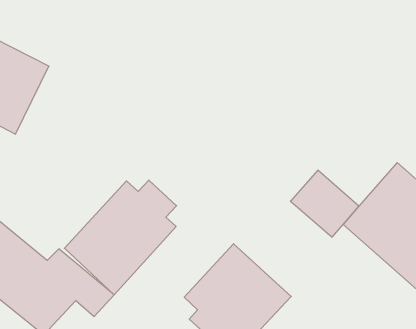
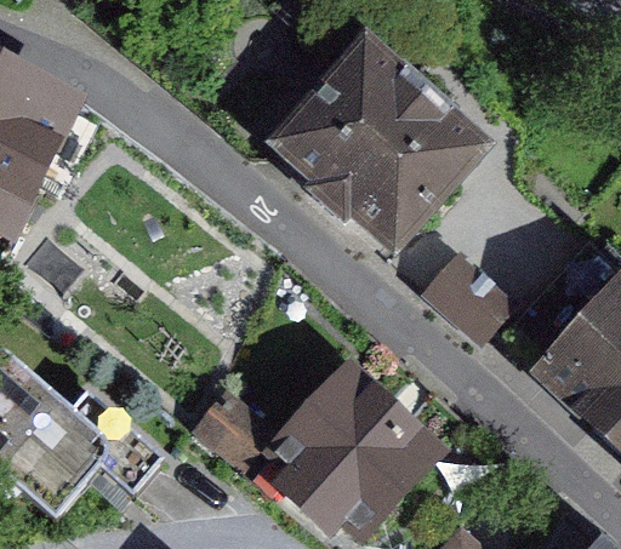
building: none -> [275,47,480,250]
building: [64,180,177,295] -> none

